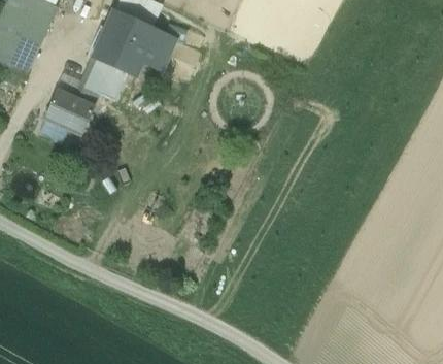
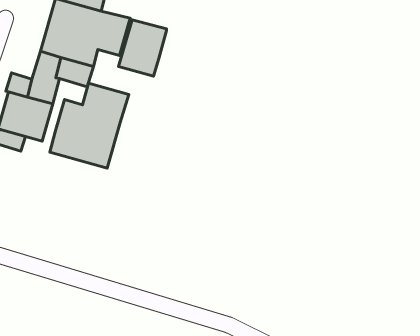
building: none -> [118,20,166,76]
building: none -> [50,83,129,168]

